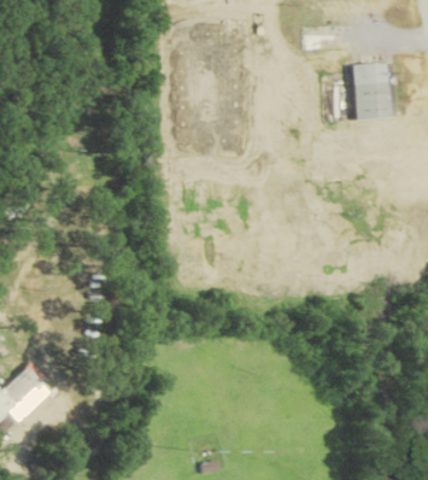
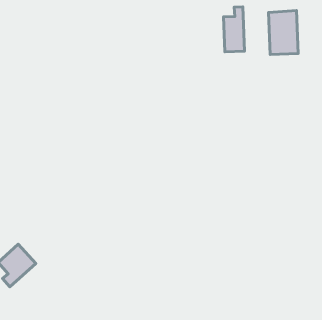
building: none -> [223,7,245,52]

